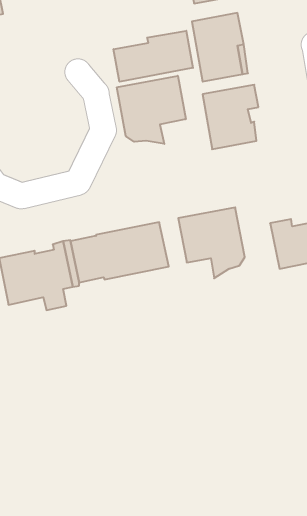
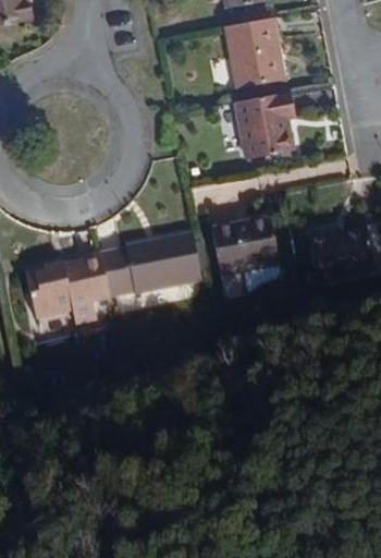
building: [114,31,193,82] -> none
building: [117,76,186,144] -> none

